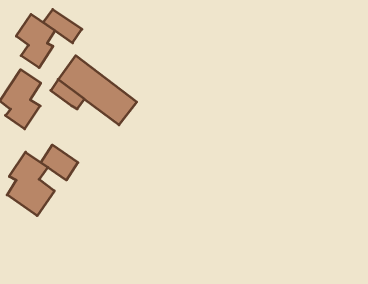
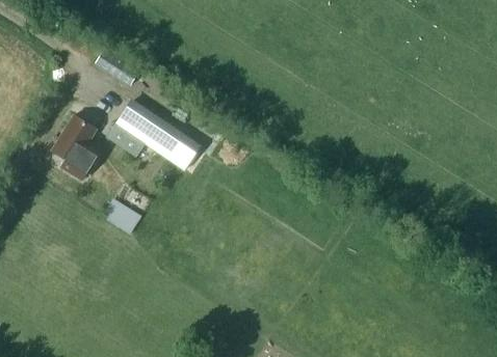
building: [16,14,55,68] -> none
building: [7,152,54,216] -> none

